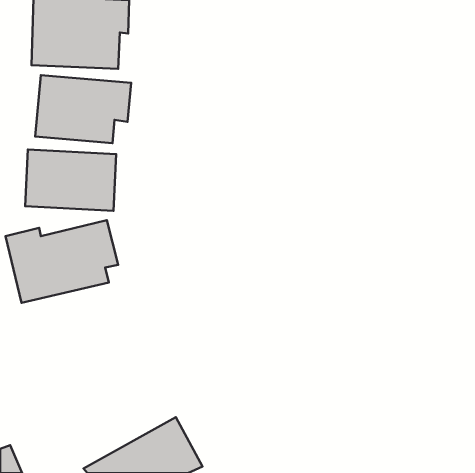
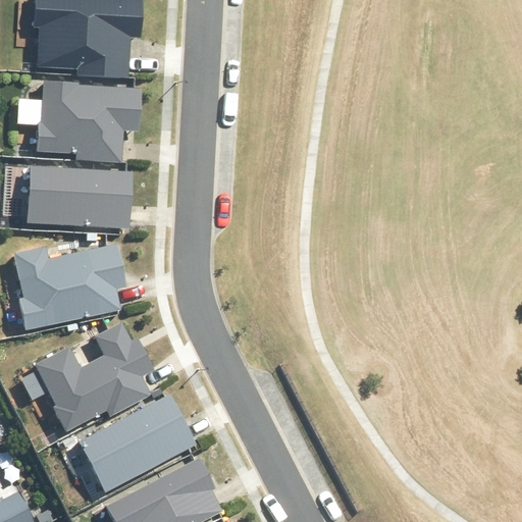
building: none -> [36,319,155,435]
building: none -> [75,396,198,497]

